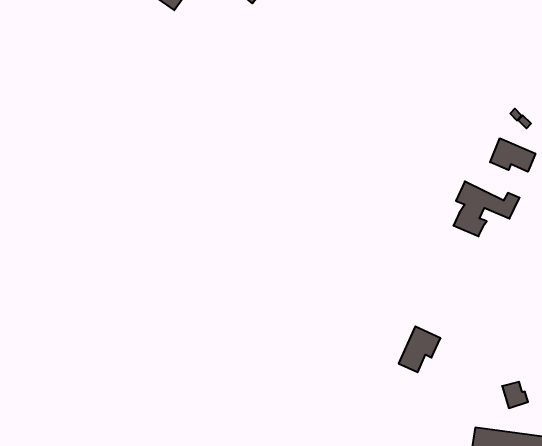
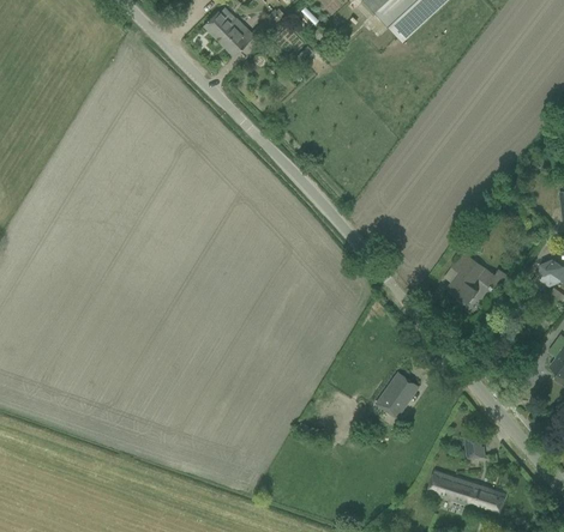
building: [490,138,535,172] -> none

